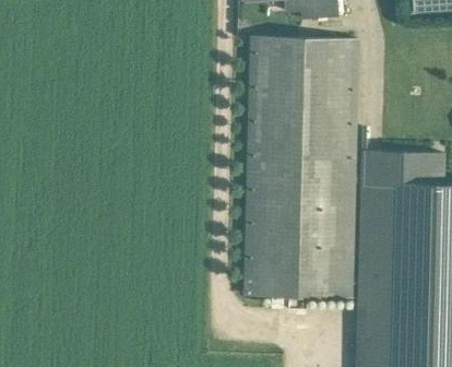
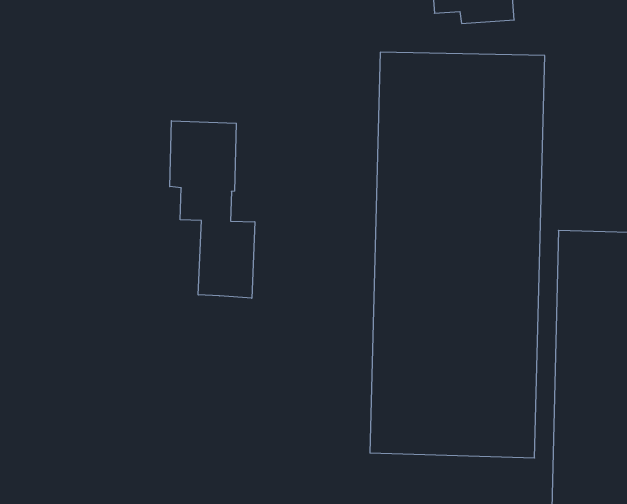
building: none -> [170,121,255,298]

